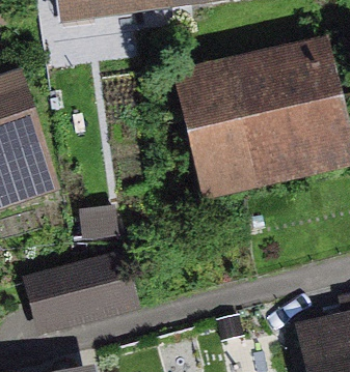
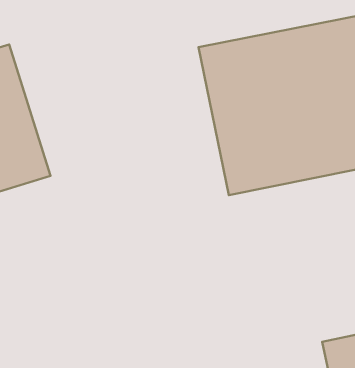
building: [28,250,137,324] -> none

